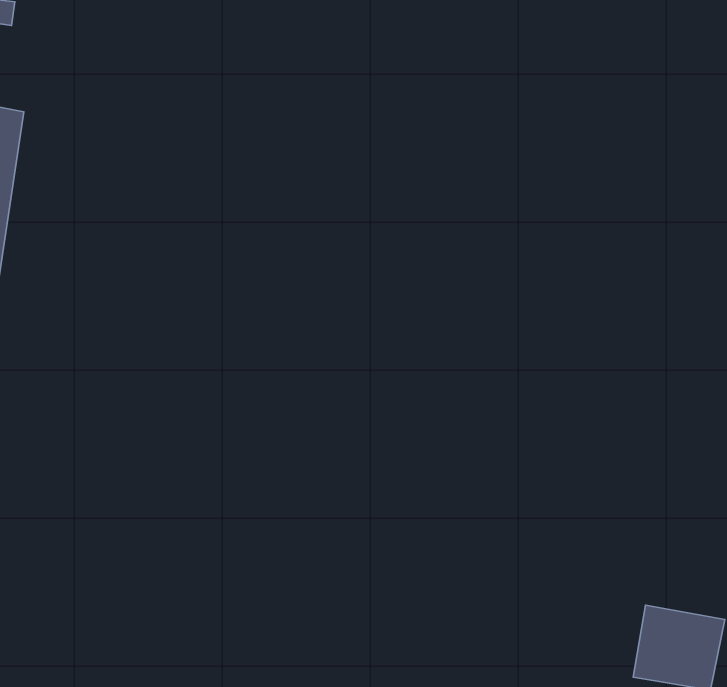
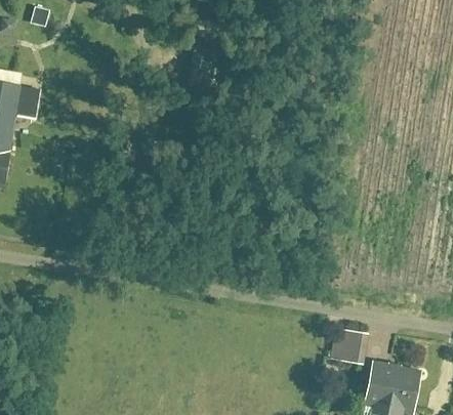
building: none -> [15,87,38,119]
building: none -> [329,329,367,366]

